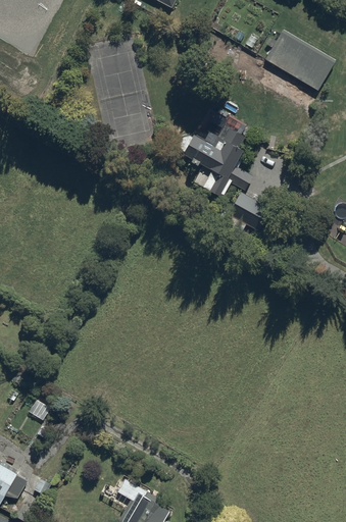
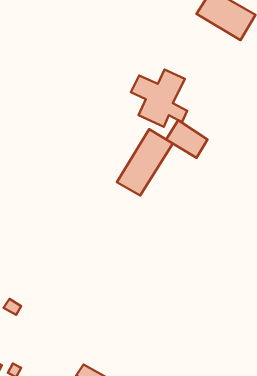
building: none -> [117,129,173,196]

